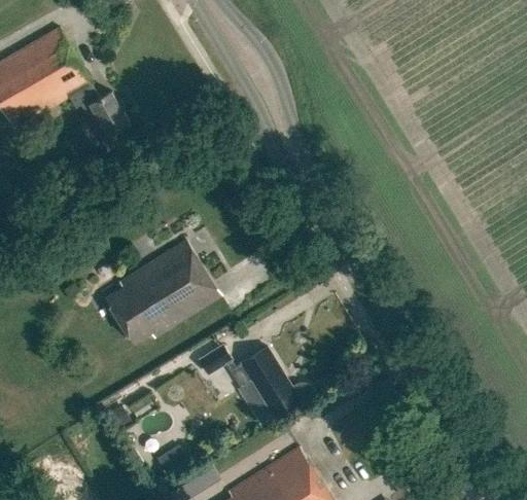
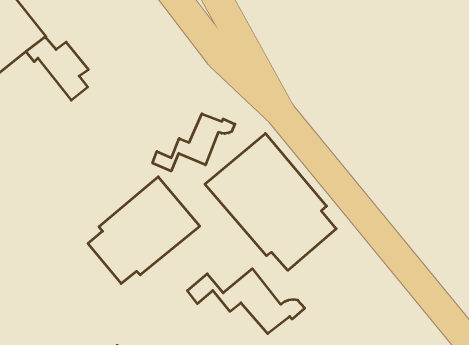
building: none -> [153,114,235,171]
building: none -> [205,133,336,270]

